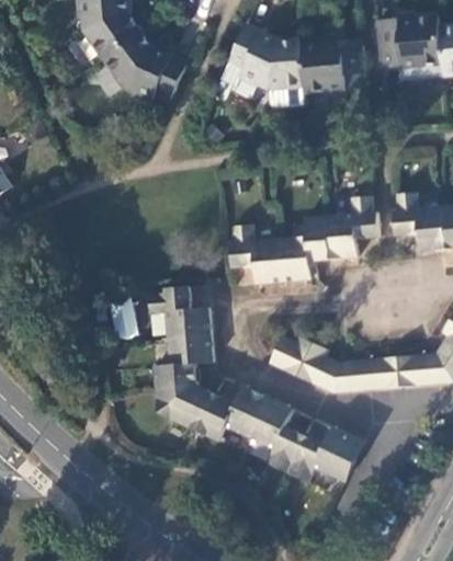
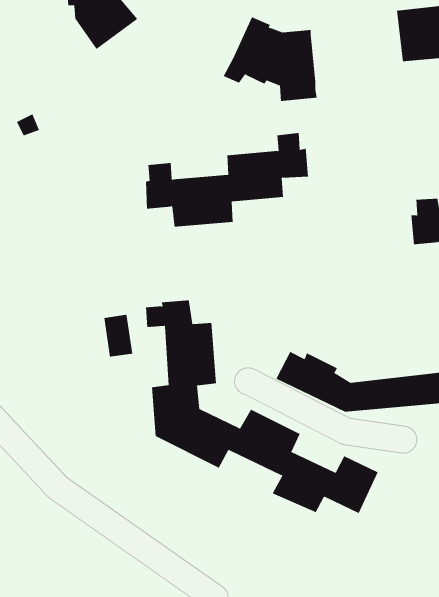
building: [103,30,189,102] -> none
building: [301,39,363,94] -> none
building: [229,197,380,284] -> [145,133,309,227]

